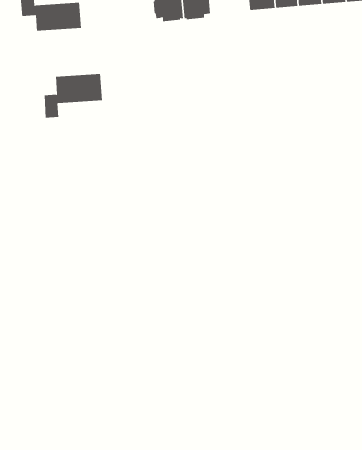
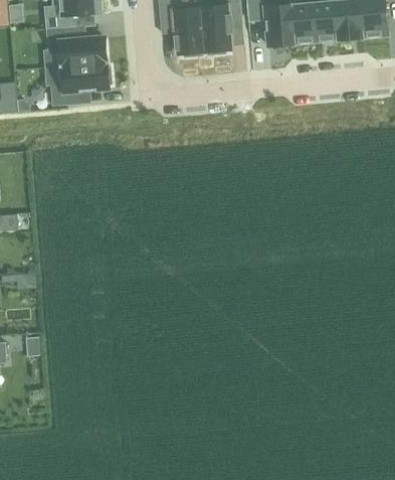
building: [44,73,103,118] -> [50,62,108,106]

